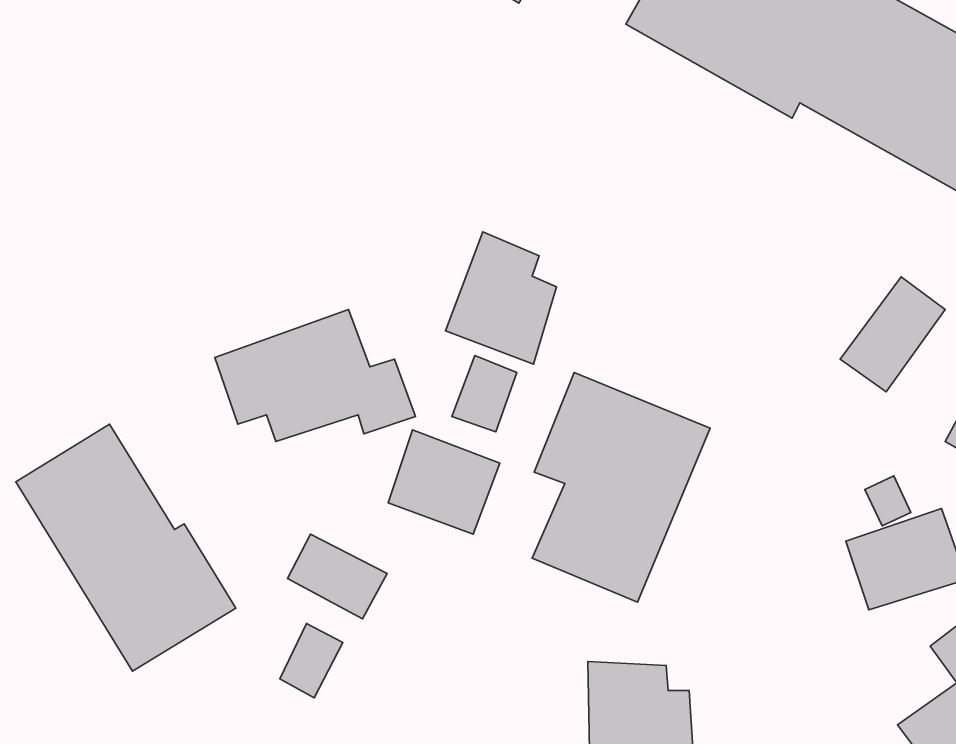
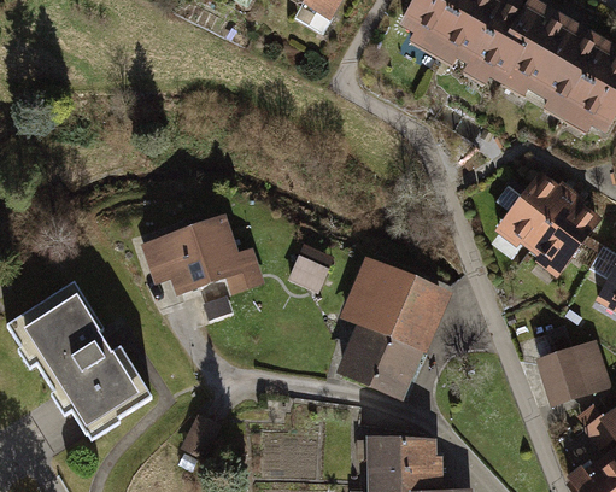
building: [446,232,556,364] -> none
building: none -> [503,172,570,246]
building: [388,430,500,534] -> none
building: [287,534,387,619] -> none

